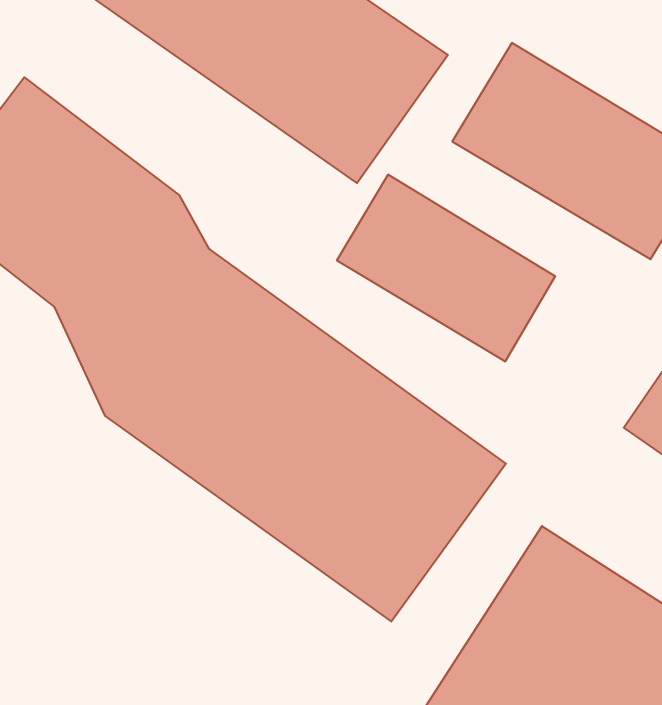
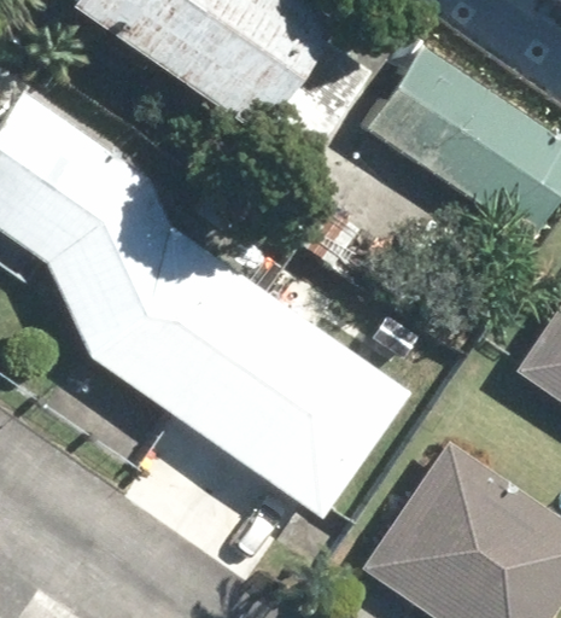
building: [337,174,555,362] -> none

